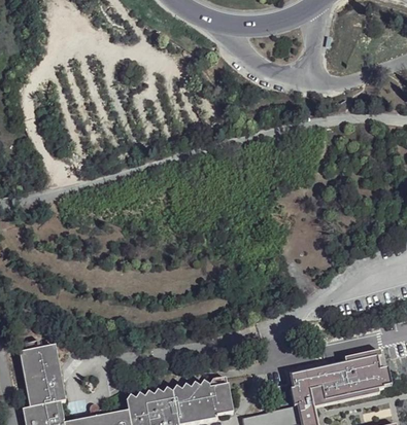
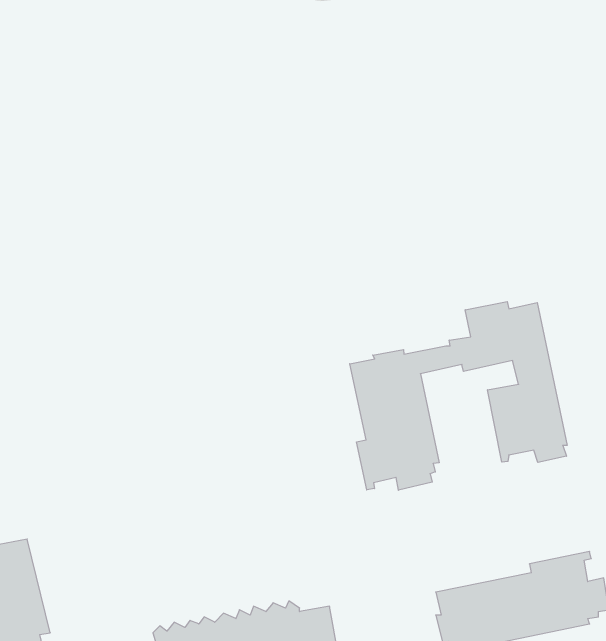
building: none -> [350,302,567,490]

